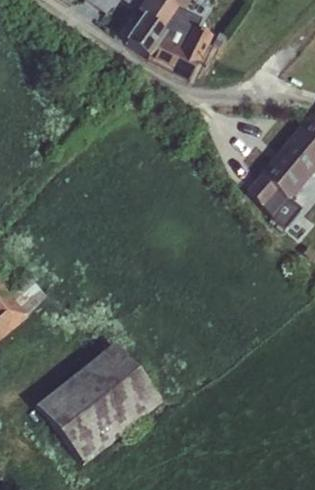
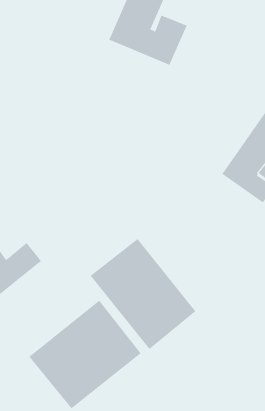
building: none -> [90,238,196,350]

